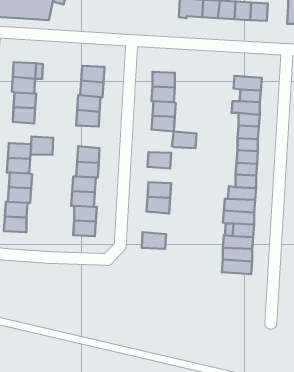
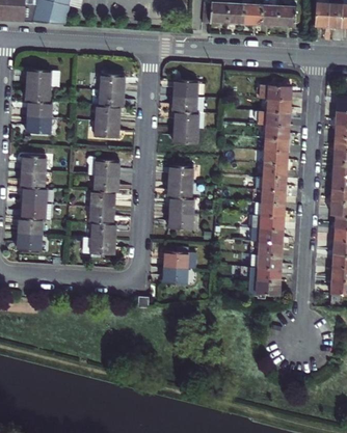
building: [172,131,196,148] -> [167,180,193,197]
building: [31,136,53,155] -> none
building: none -> [162,266,188,283]

